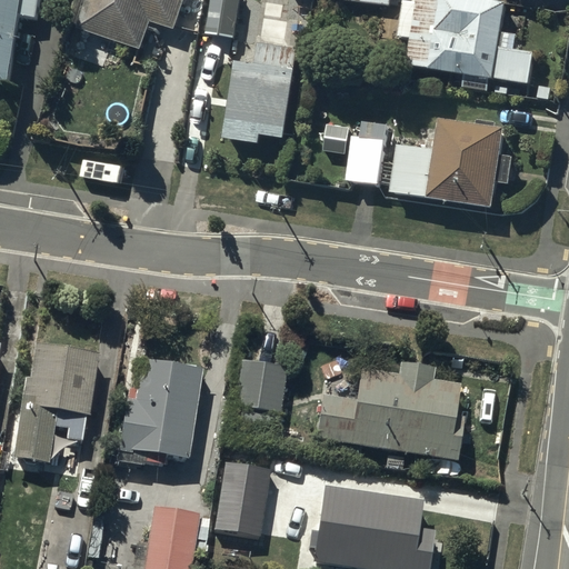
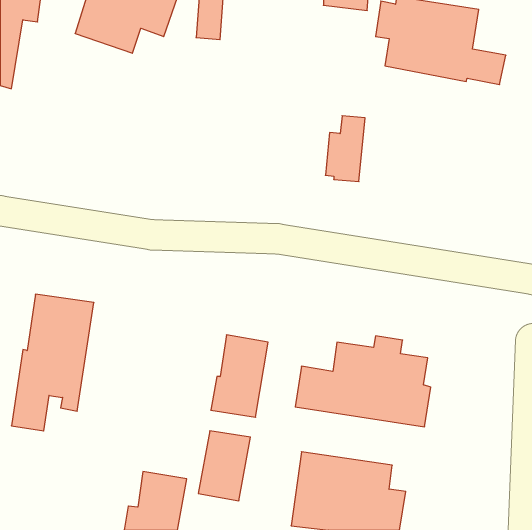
building: [227,53,299,154] -> none
building: [395,126,516,213] -> none
building: [117,355,202,463] -> none

